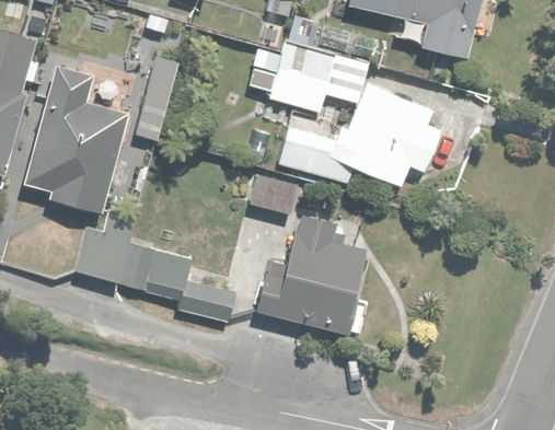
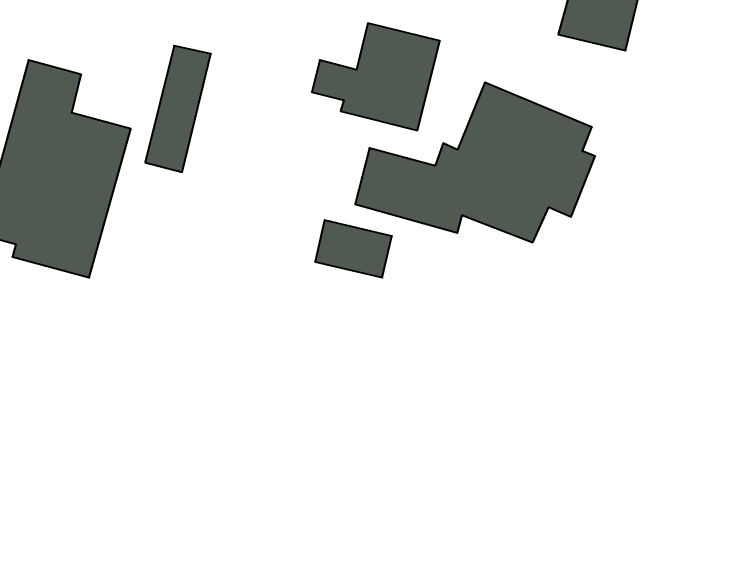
building: [76,208,136,283] -> none
building: [255,214,371,336] -> none
building: [122,243,234,322] -> none

